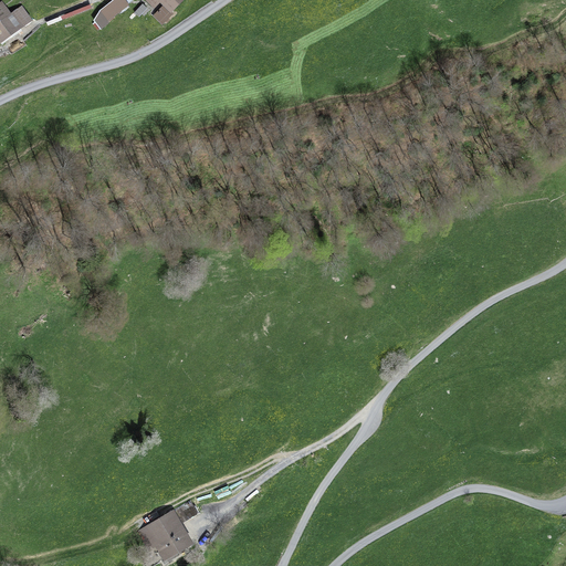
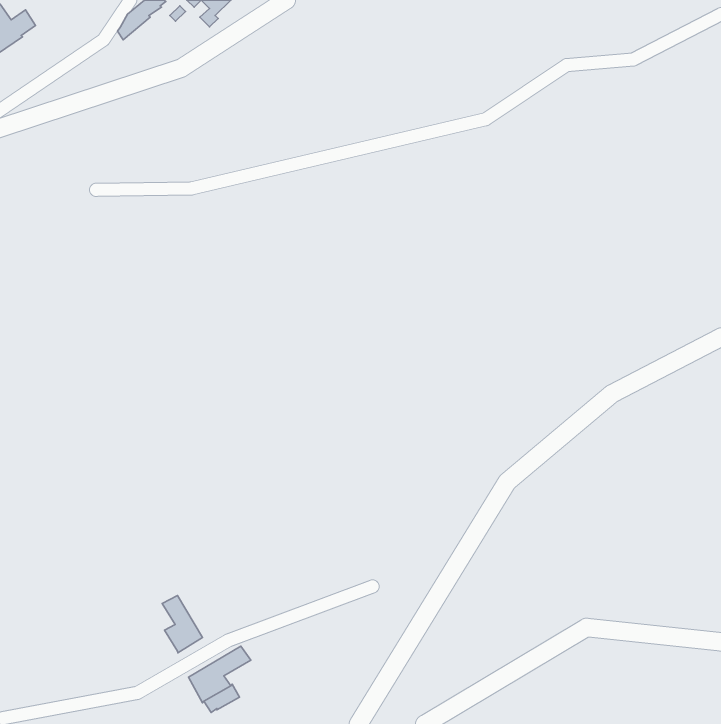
building: none -> [162,596,202,653]

